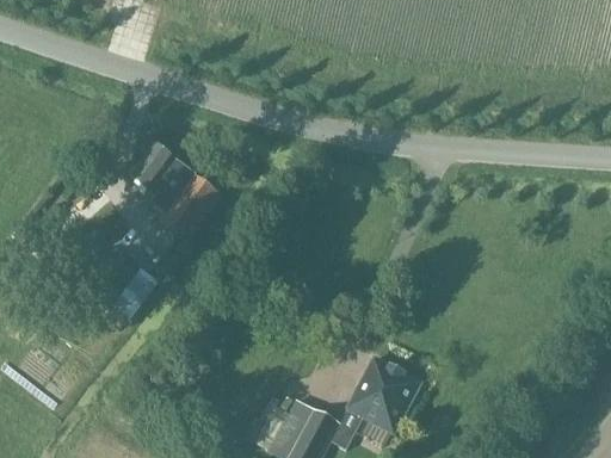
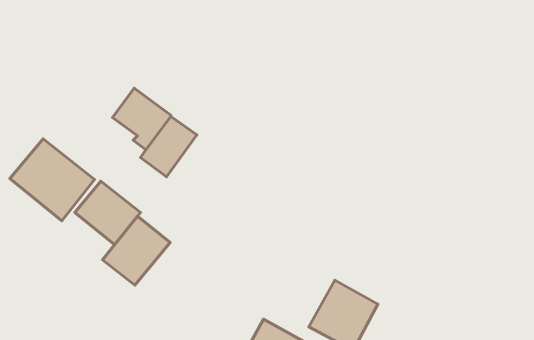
building: none -> [10,139,95,221]
building: none -> [102,216,170,285]

